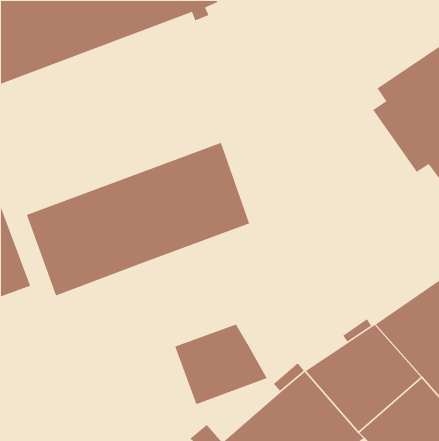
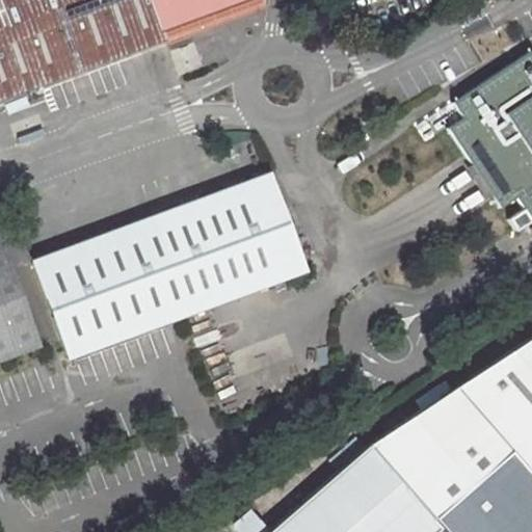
building: [174,323,268,405] -> none

